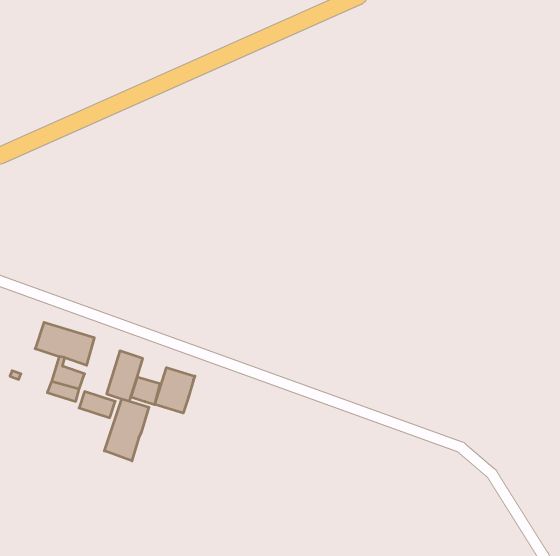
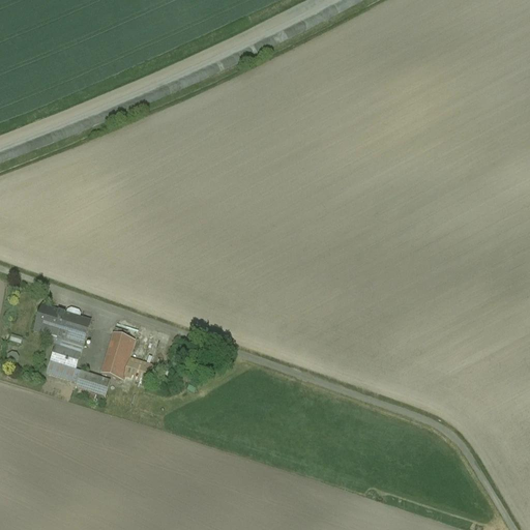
building: [155,368,195,413] -> none
building: [104,399,149,461] -> none

